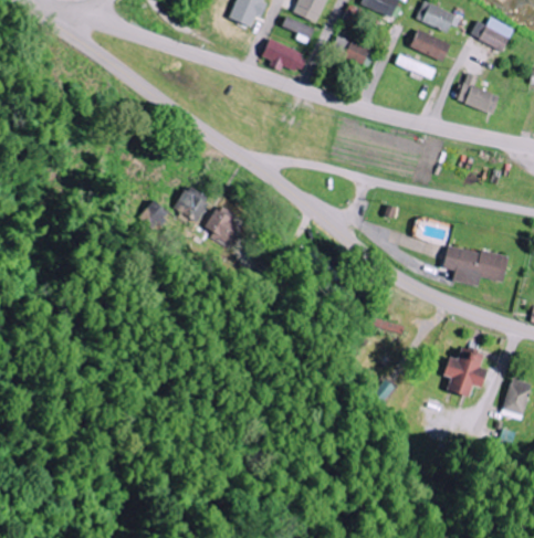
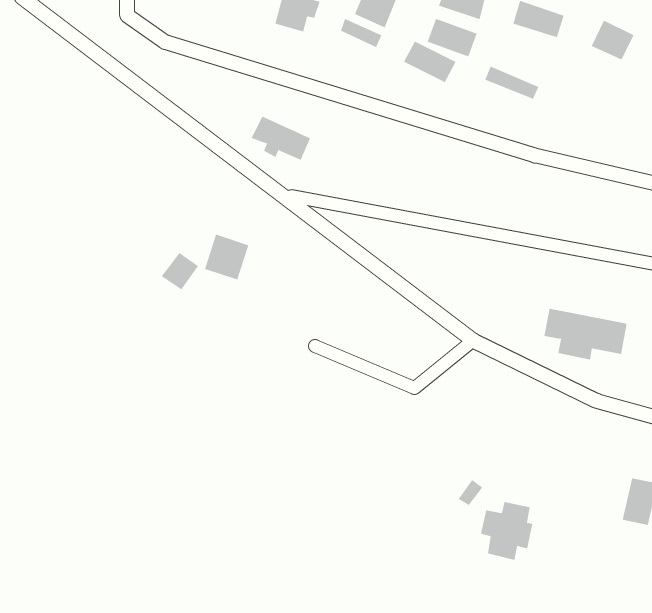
building: [409,29,449,60] -> [427,18,477,57]
building: [260,38,307,73] -> [251,116,311,161]
building: [456,72,498,114] -> none
building: [205,204,241,245] -> none
building: [440,349,482,395] -> [480,502,533,560]

